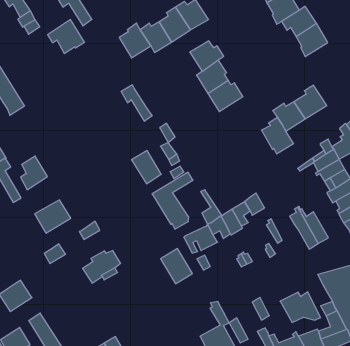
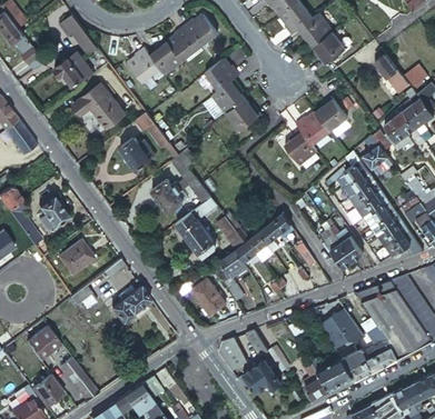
building: none -> [66,89,118,134]
building: none -> [120,138,150,170]
building: none -> [217,338,247,369]

